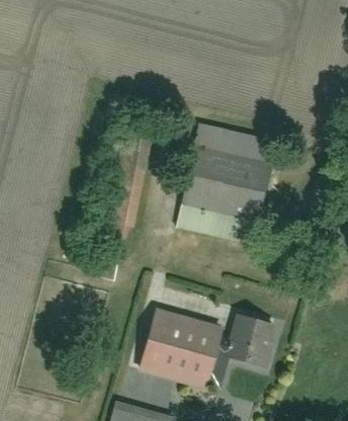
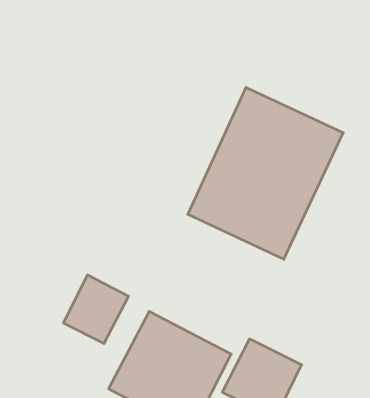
building: none -> [64,275,128,344]

